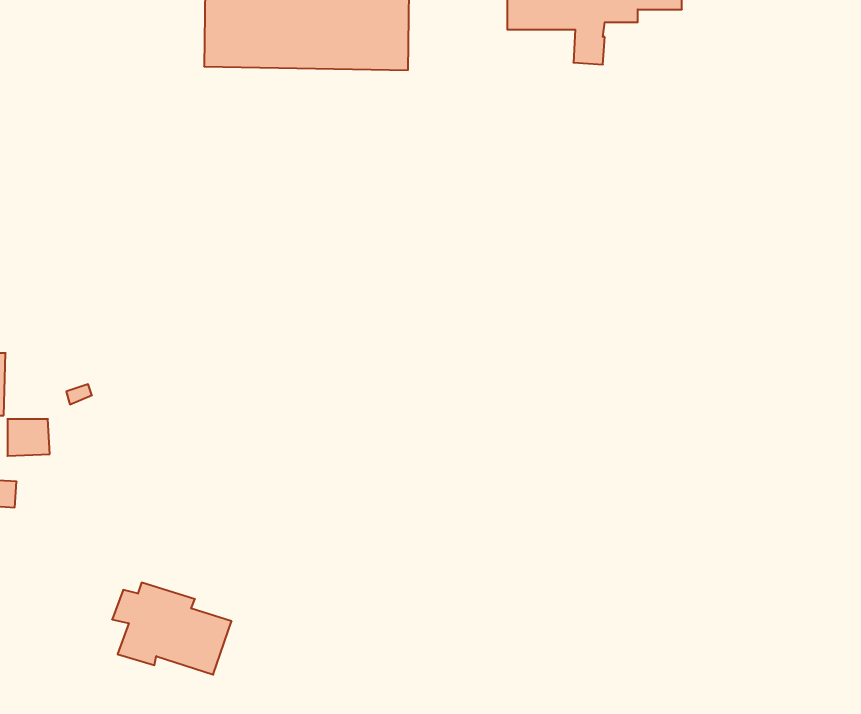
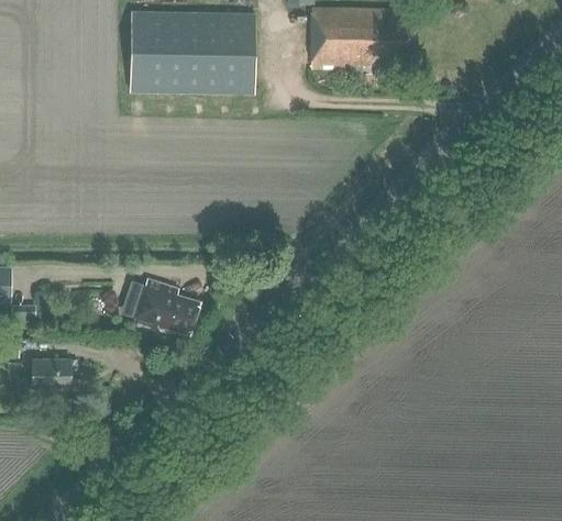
building: none -> [32,358,68,387]
building: [112,583,232,675] -> [128,279,199,334]

